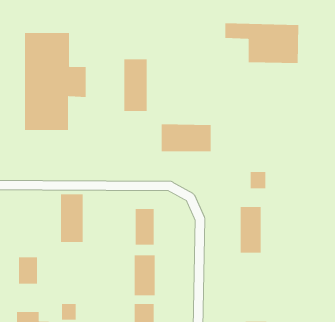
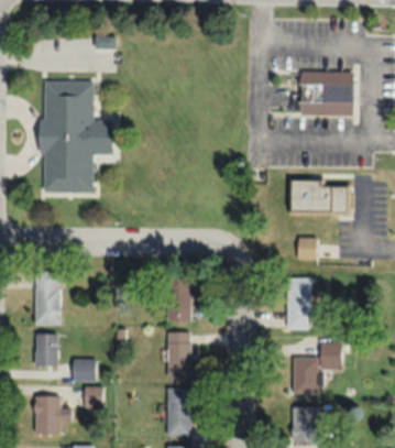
building: [124,58,147,112] -> none
building: [161,124,211,152] -> [290,182,348,214]
building: [60,194,84,243] -> [34,271,61,326]
building: none -> [294,342,342,394]
building: none -> [73,359,96,381]

